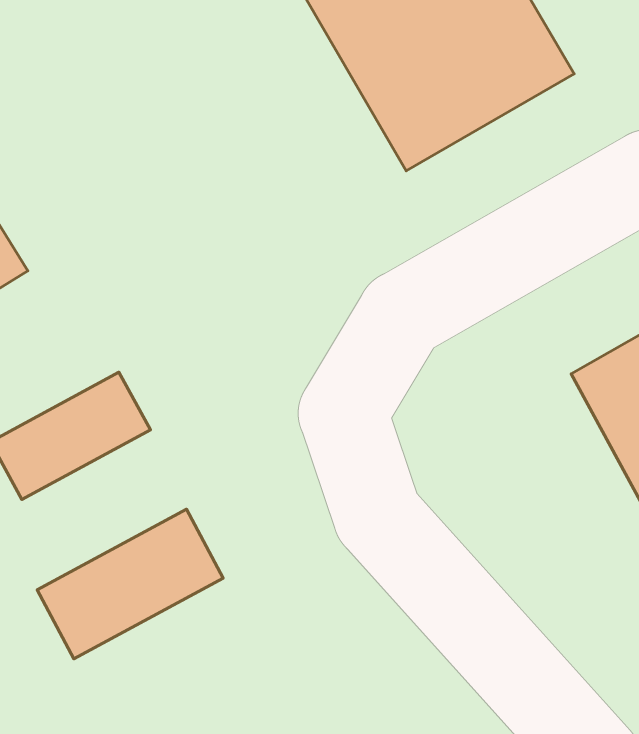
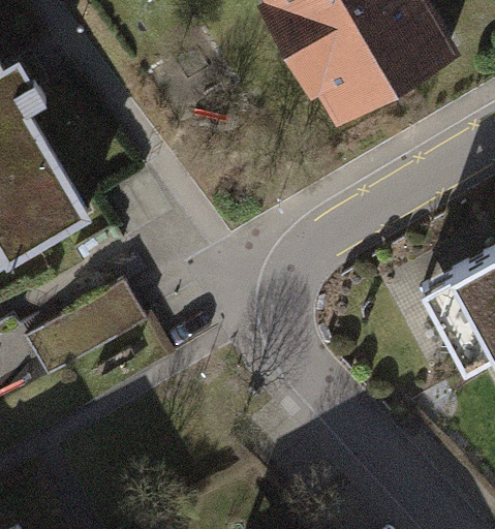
building: [37,509,223,659] -> none

